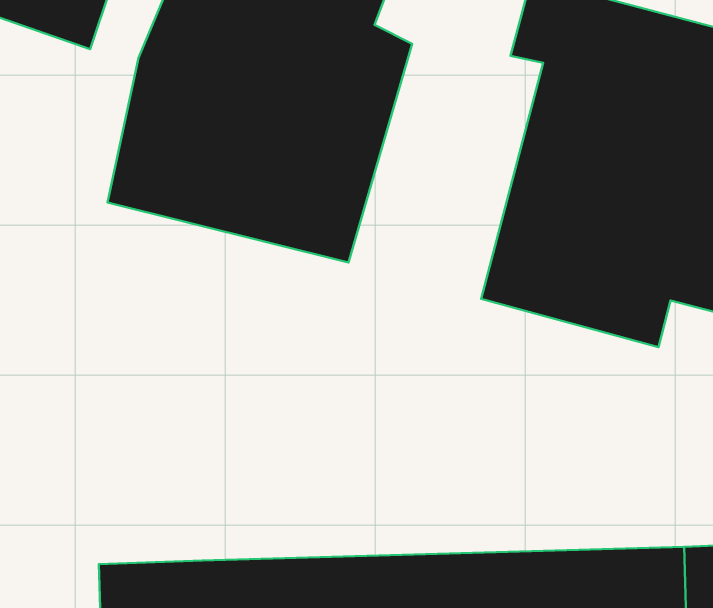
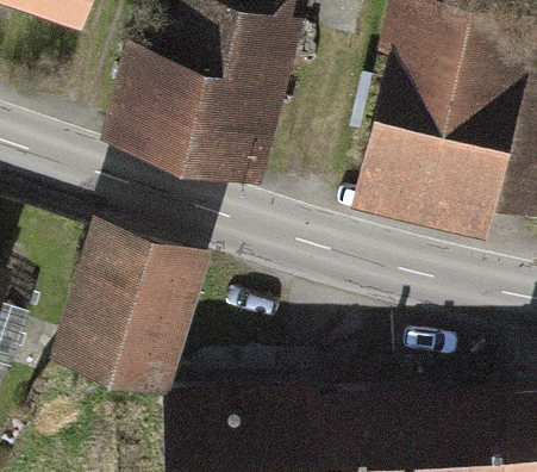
building: none -> [51,234,208,391]

